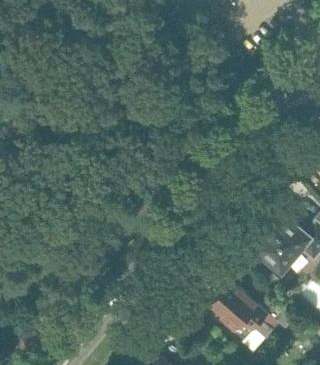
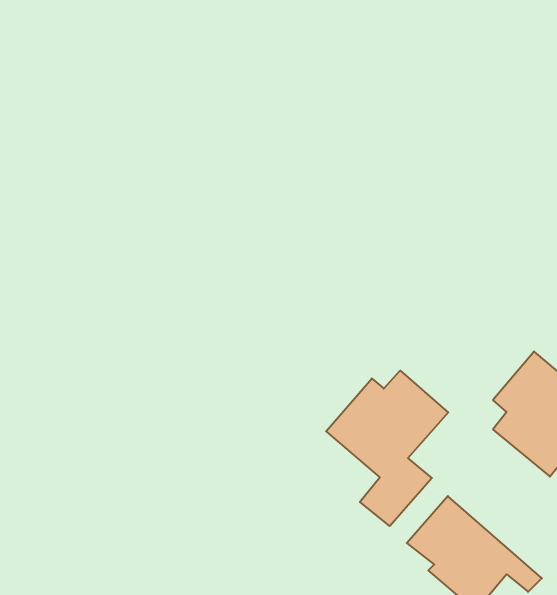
building: none -> [326,371,448,526]

